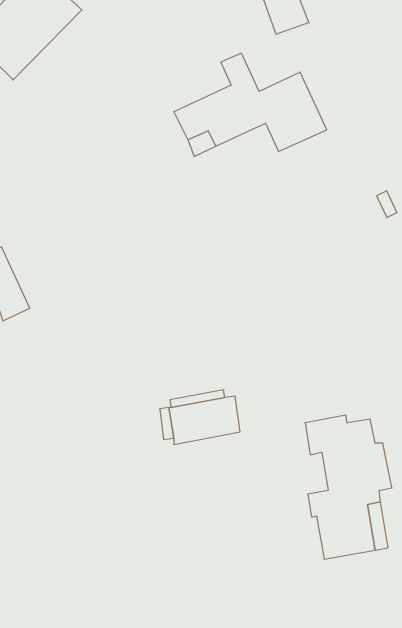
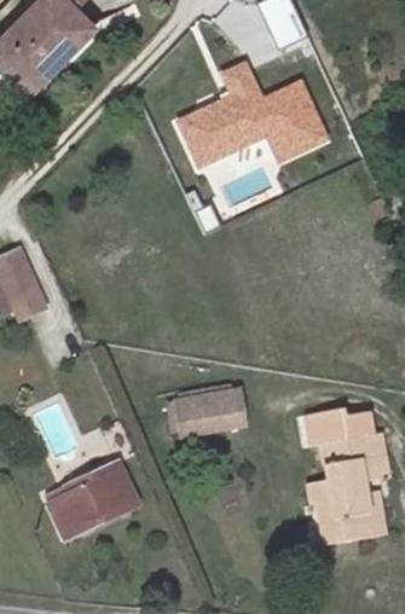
building: none -> [44,462,138,538]

